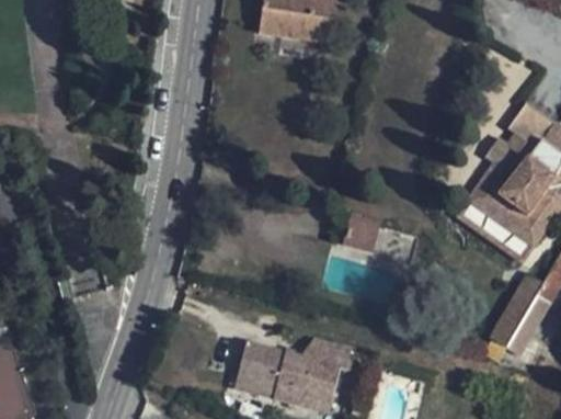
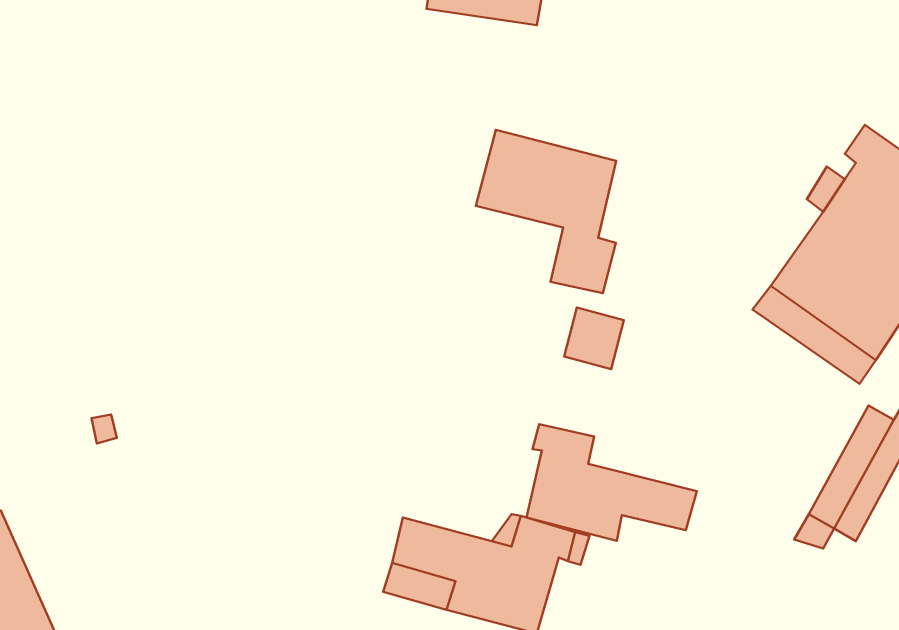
building: none -> [476,130,616,293]
building: none -> [527,424,697,541]

